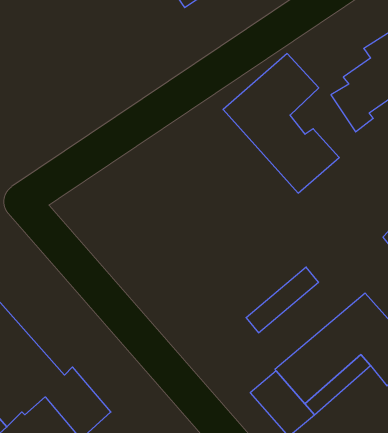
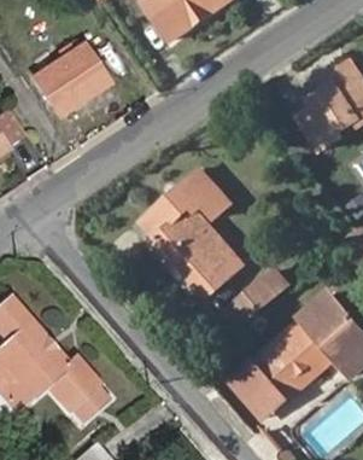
building: none -> [29,42,104,113]
building: [223,54,339,193] -> [141,173,244,296]

